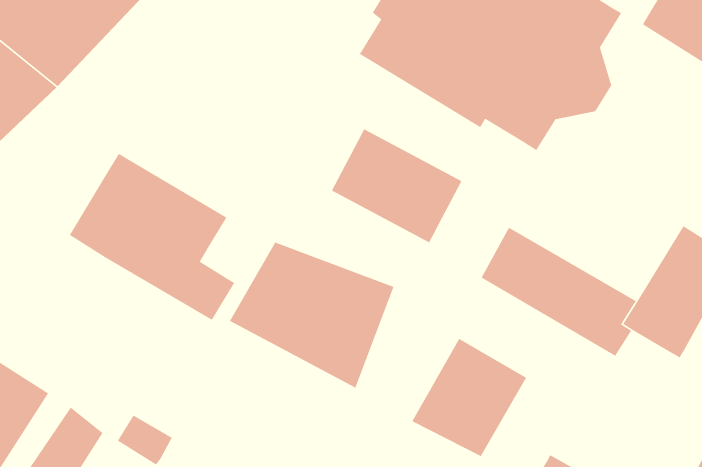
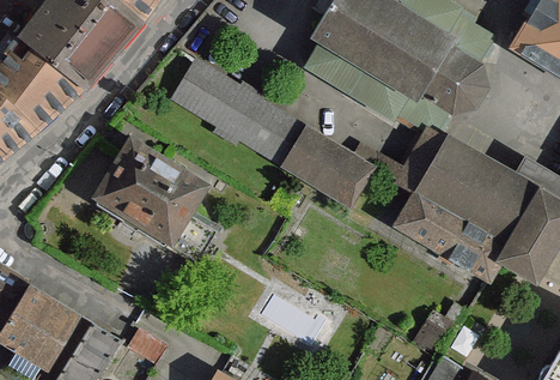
building: none -> [171,52,299,156]
building: none -> [414,134,540,246]
building: [229,241,394,389] -> none
building: [411,338,527,457] -> none

